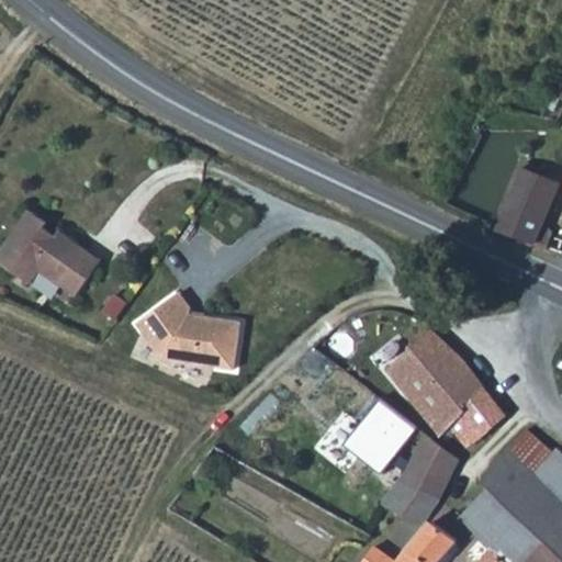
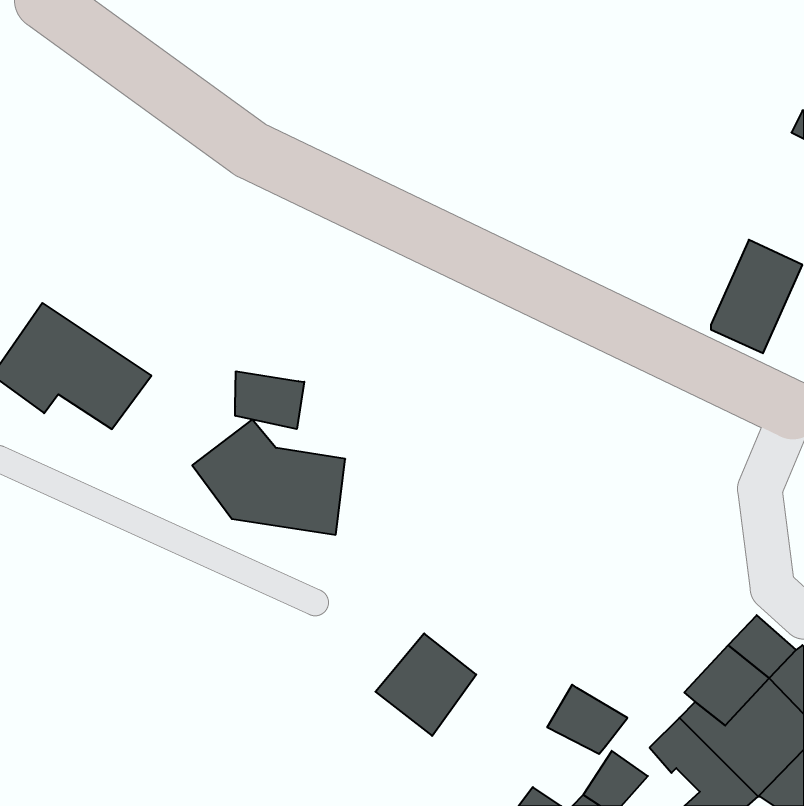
building: none -> [235,371,304,429]
building: [385,326,505,446] -> none
building: [344,400,414,471] -> [375,633,476,736]
building: [402,432,457,499] -> none

